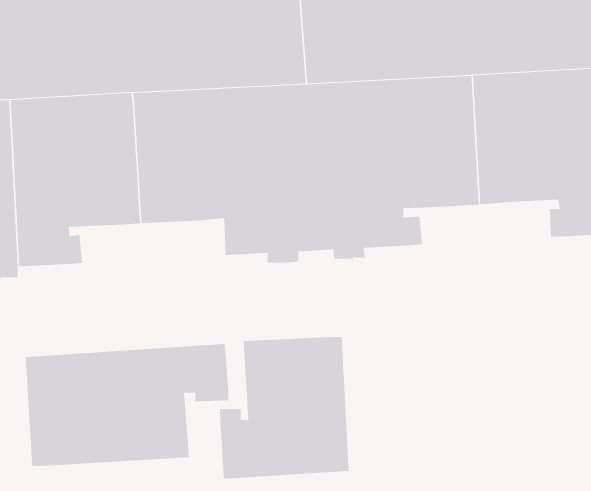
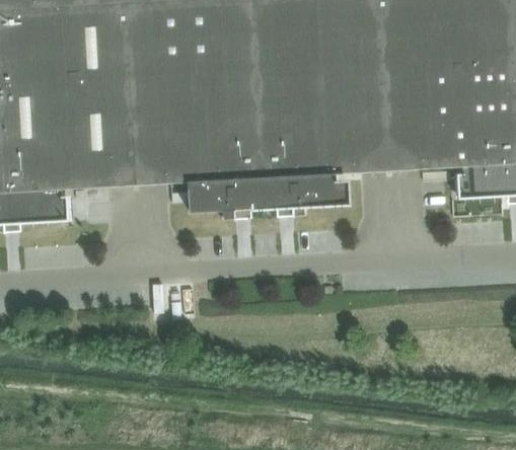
building: [220,336,349,479] -> none
building: [25,343,229,467] -> none

